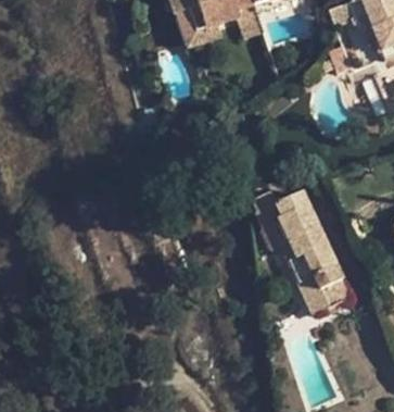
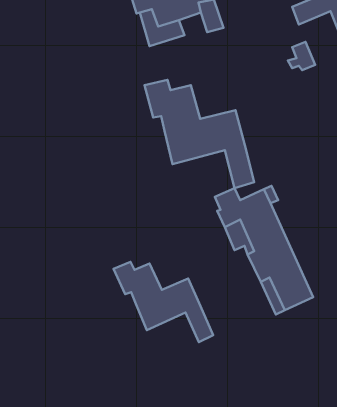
building: none -> [144,80,254,188]
building: none -> [113,262,213,342]

